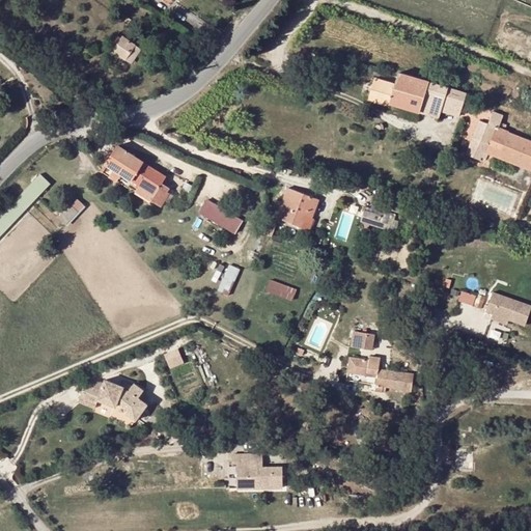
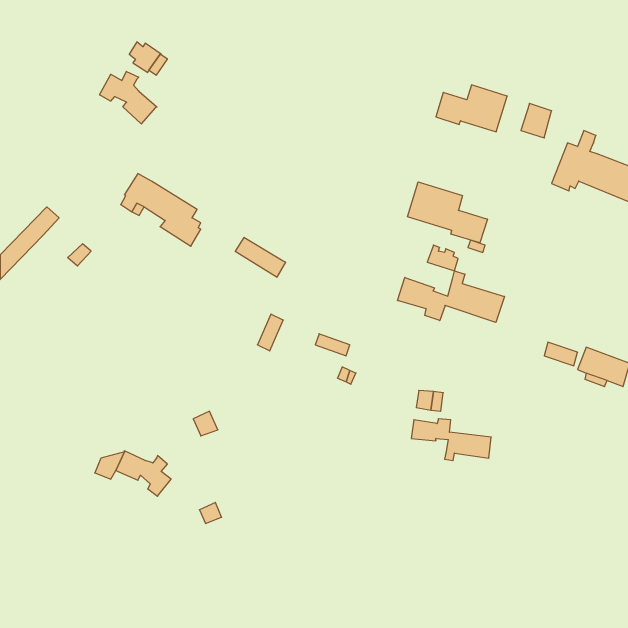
building: none -> [100,71,157,124]
building: [419,82,447,118] -> none
building: none -> [407,182,487,243]
building: [276,189,318,231] -> none
building: none -> [398,271,504,322]
building: [231,454,283,488] -> none

